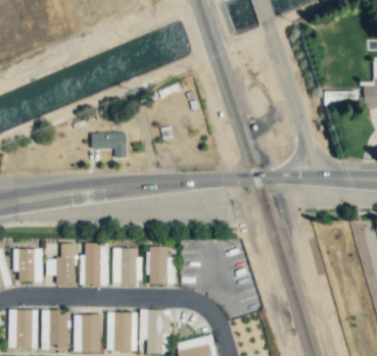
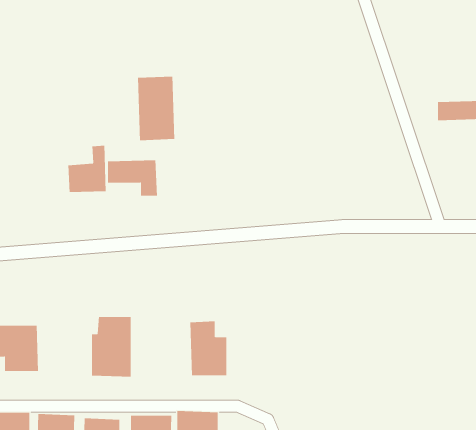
building: none -> [137,76,175,141]
building: none -> [68,145,106,193]
building: [45,243,76,285] -> none
building: [112,248,139,284] -> none

